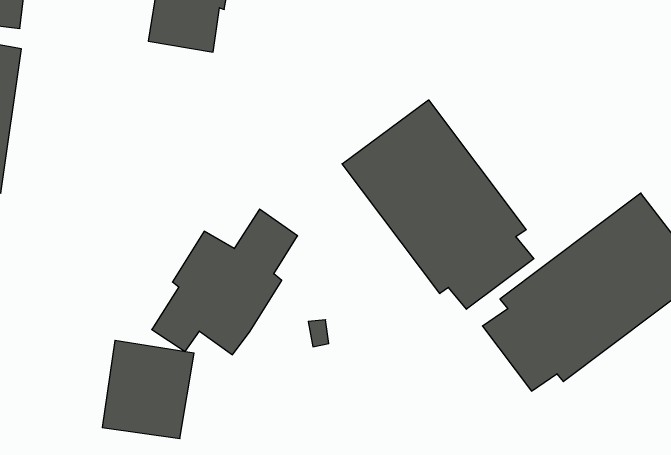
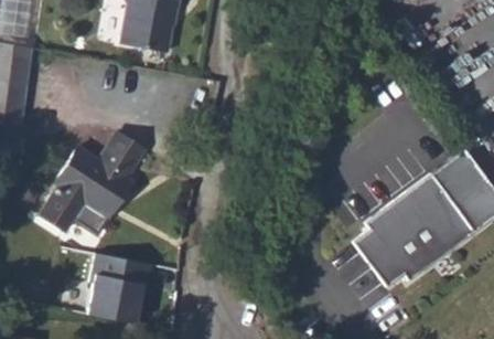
building: [342,100,534,309] -> none
building: [152,209,298,355] -> [40,134,141,235]

